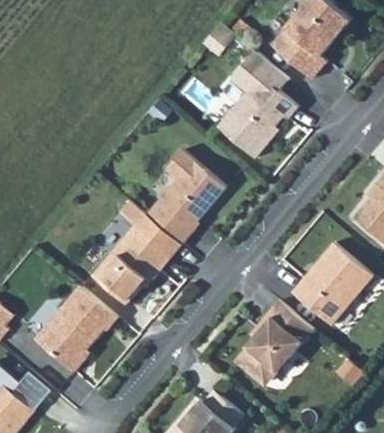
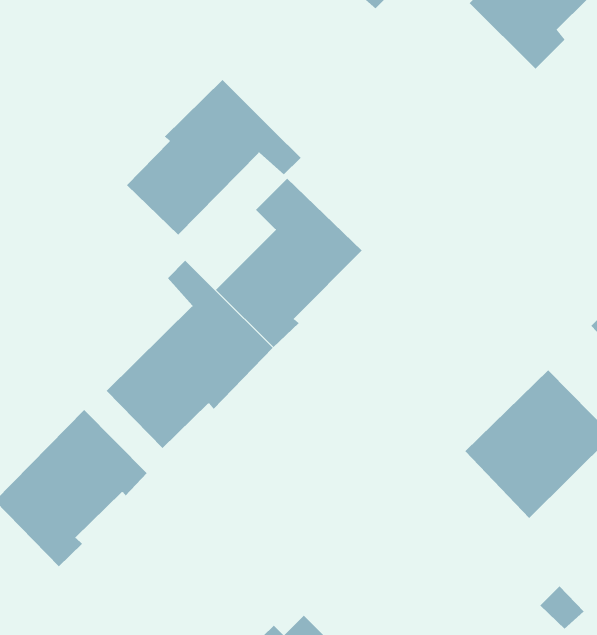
building: [218,50,299,157] -> none
building: none -> [126,79,301,235]
building: [234,300,312,379] -> none

